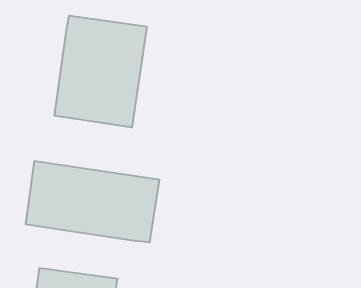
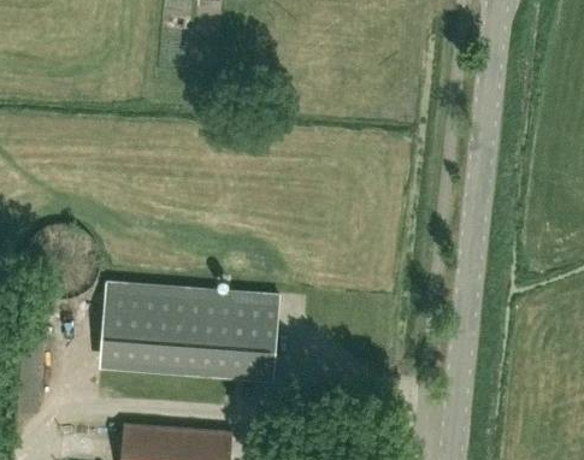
building: [55,16,147,128] -> none

